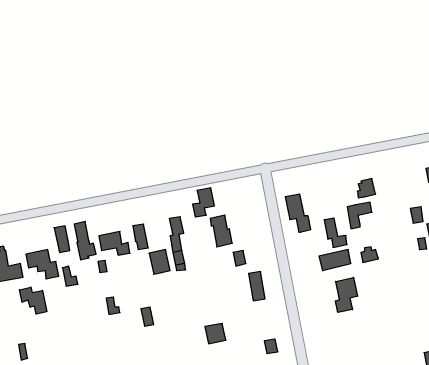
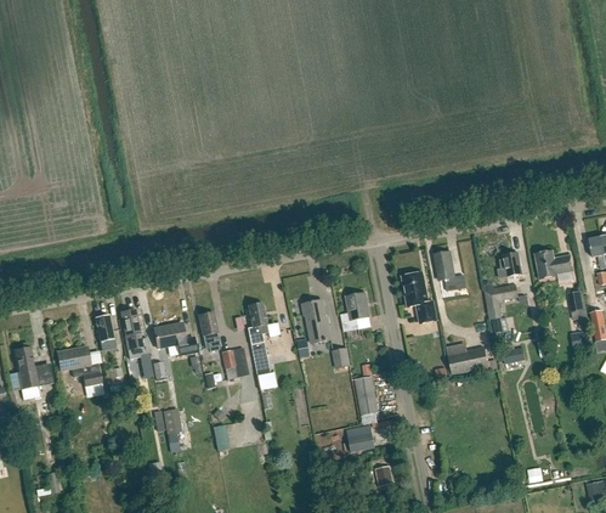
building: none -> [534,249,572,277]
building: [193,188,214,217] -> [340,291,369,329]
building: [324,218,347,247] -> [435,250,465,289]
building: [335,277,358,312] -> none
building: [20,287,47,314] -> none
building: [205,324,226,344] -> [346,423,374,450]

